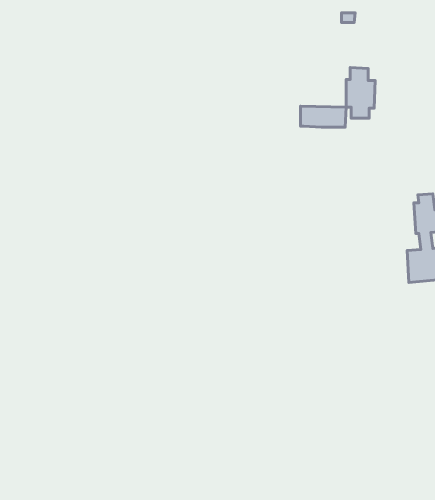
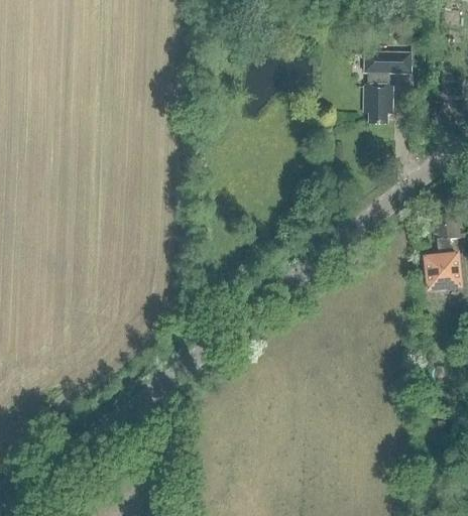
building: [301,106,346,127] -> [365,51,412,73]

